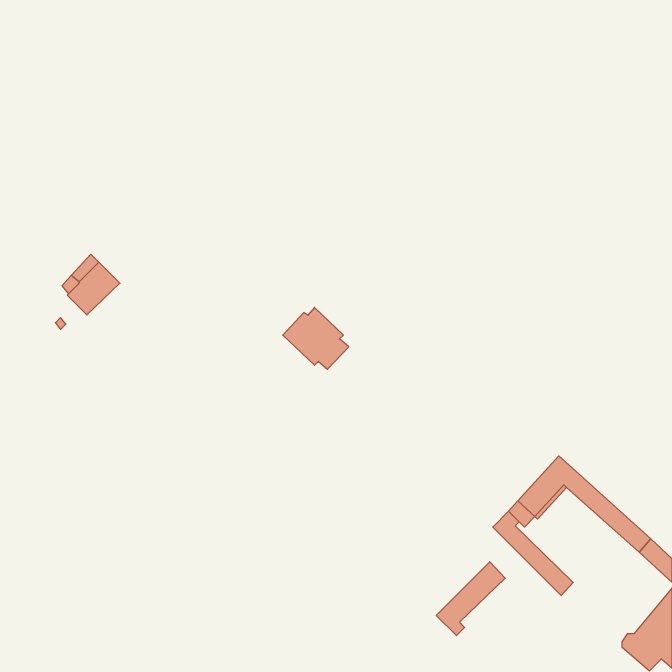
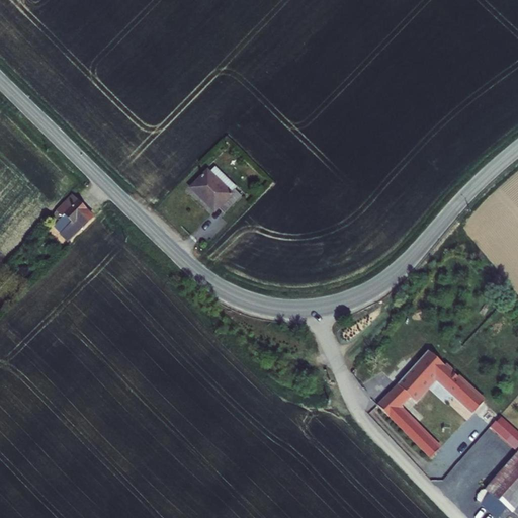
building: [283,307,349,369] -> [190,166,241,213]
building: [436,562,505,636] -> none

